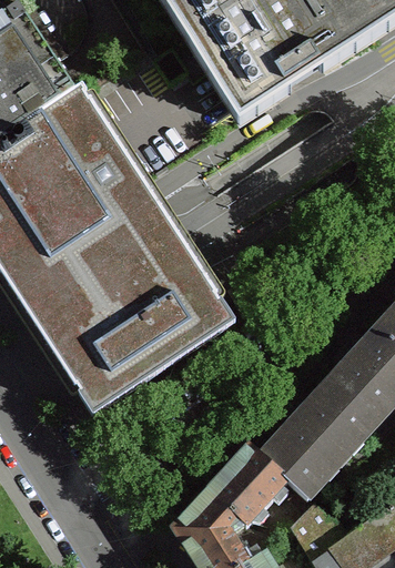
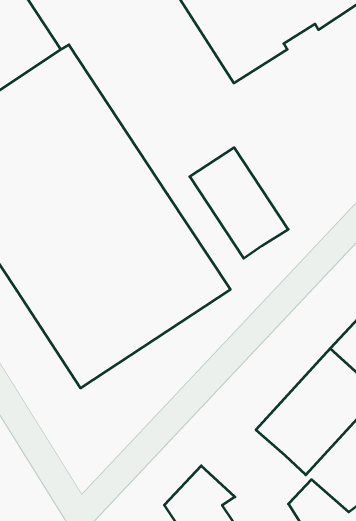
building: none -> [190,148,288,258]
building: [209,443,288,524] -> none

